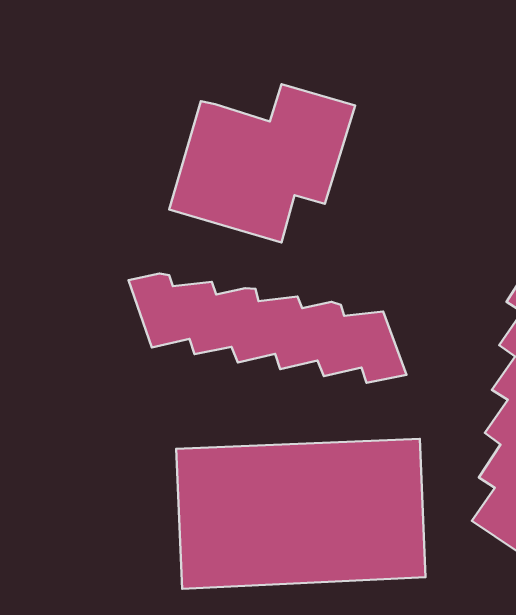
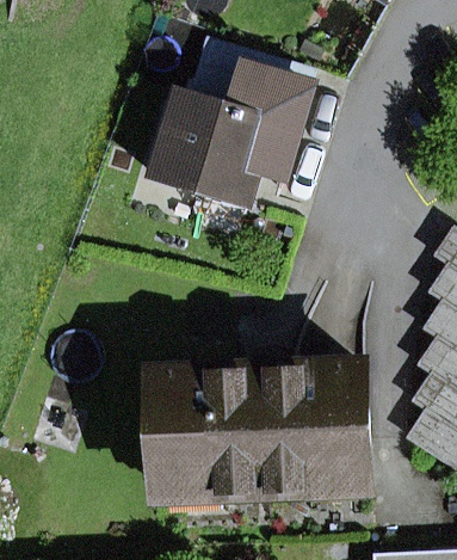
building: none -> [193,38,316,107]
building: [129,273,407,383] -> none

